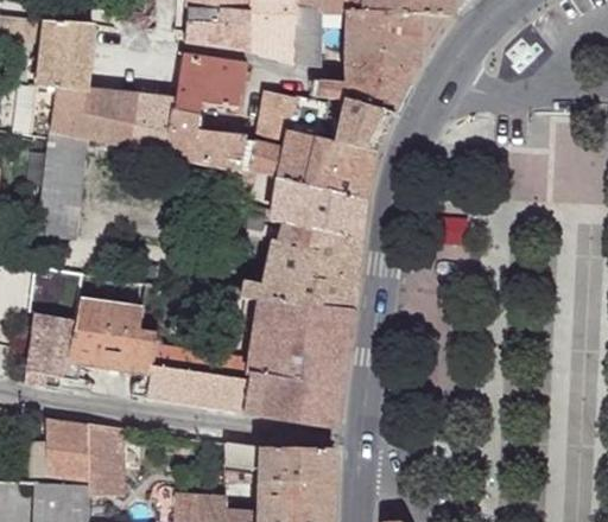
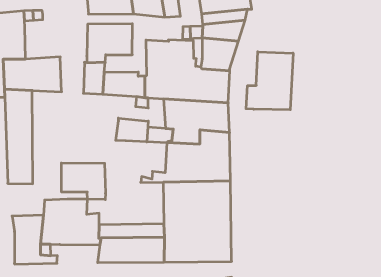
building: [131,95,175,152] -> none
building: none -> [246,52,293,110]
building: none -> [116,118,148,142]
building: none -> [61,163,105,200]

